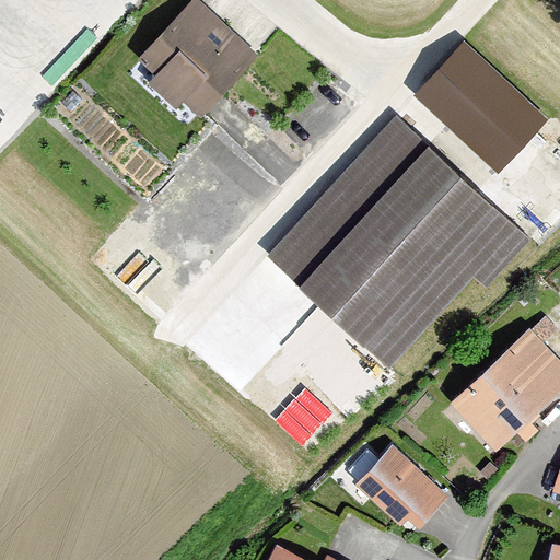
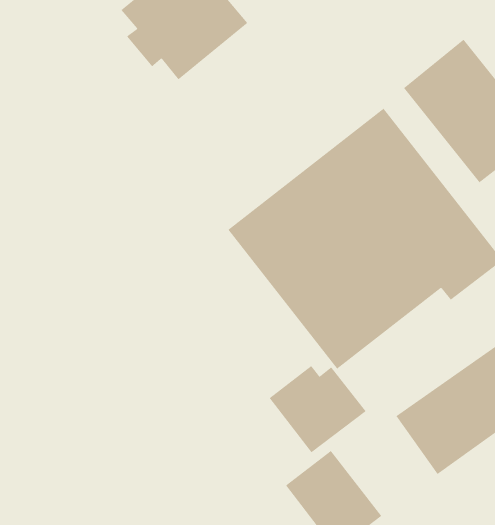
building: none -> [269,365,366,453]

